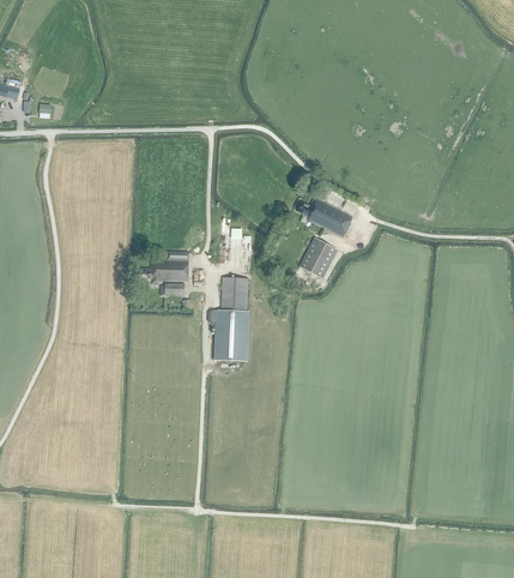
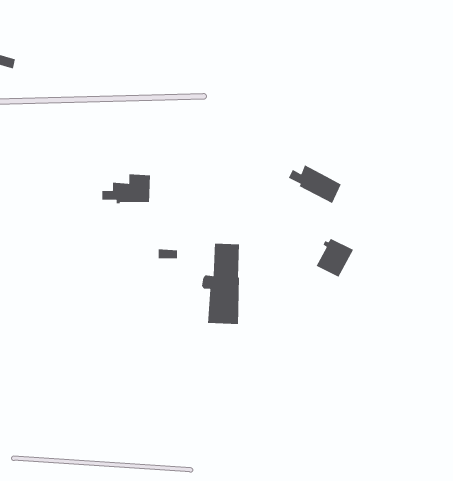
building: [298,237,338,278] -> [315,238,354,278]
building: [139,251,189,282] -> [102,174,151,204]

